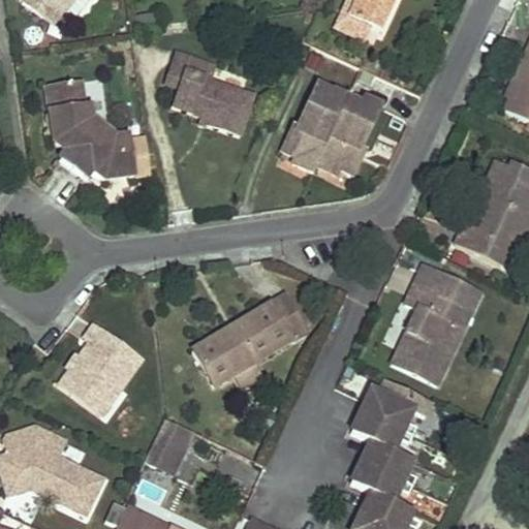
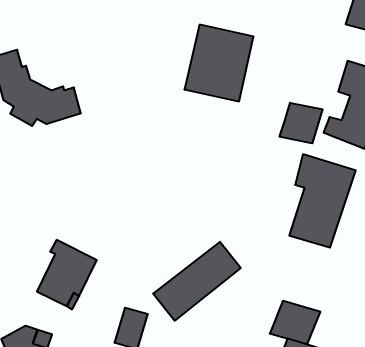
building: [166,46,259,131] -> none
building: none -> [280,103,323,143]
building: [193,293,309,385] -> [153,242,241,321]
building: [345,387,414,453] -> none

